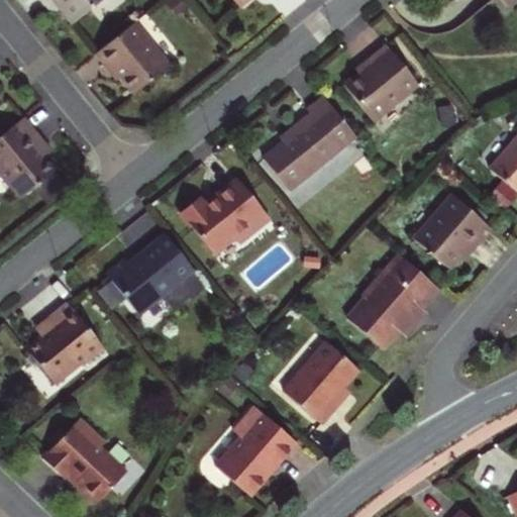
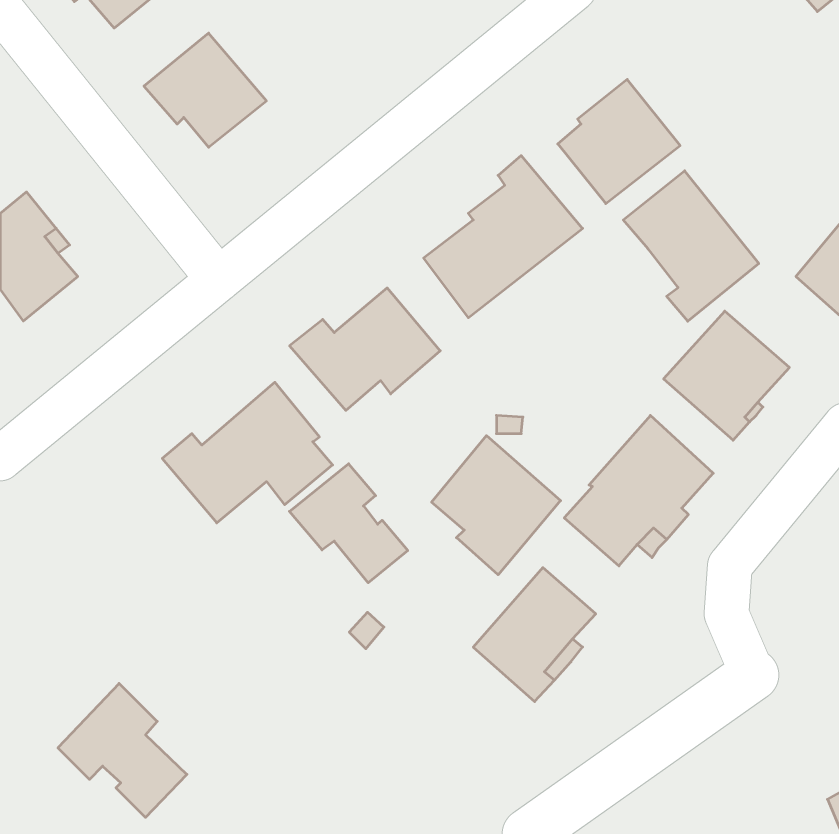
building: none -> [623,171,759,321]
building: none -> [432,436,561,575]
building: none -> [289,464,408,583]
building: [30,308,101,382] -> none
building: [217,399,298,489] -> none

